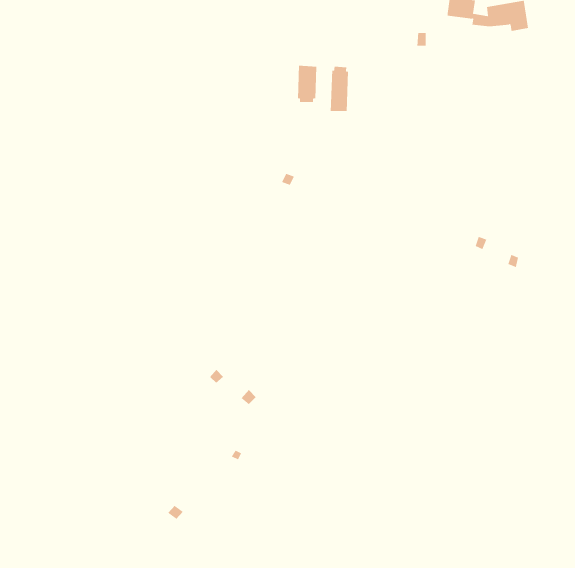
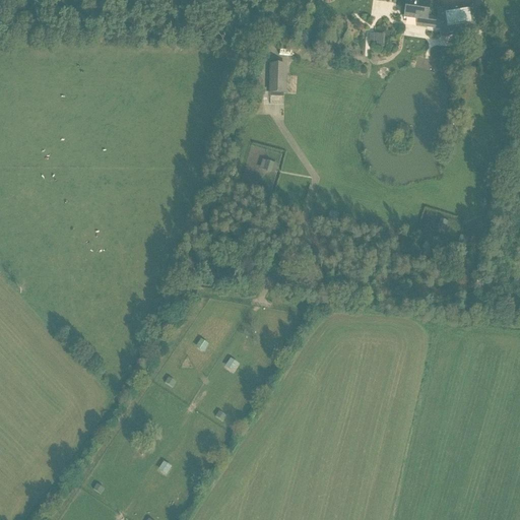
building: [330,66,349,112] -> none

